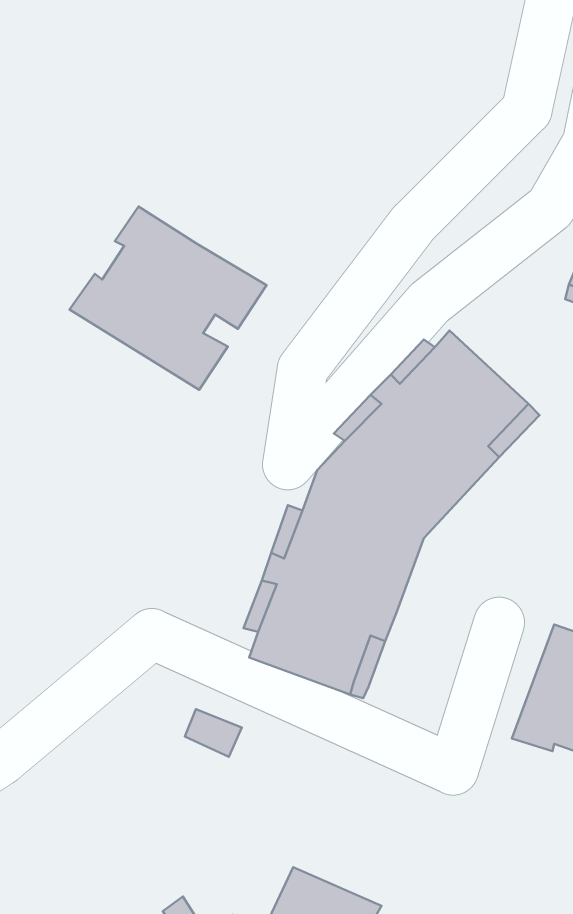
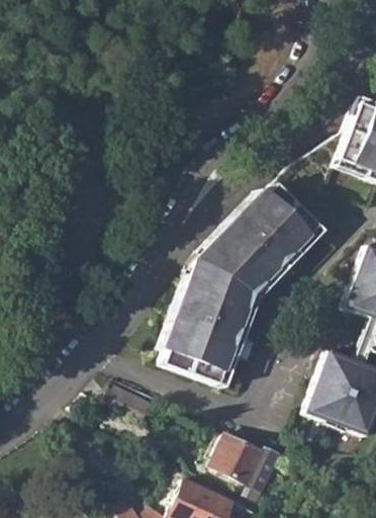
building: [70,207,267,390] -> none
building: none -> [213,434,283,491]

